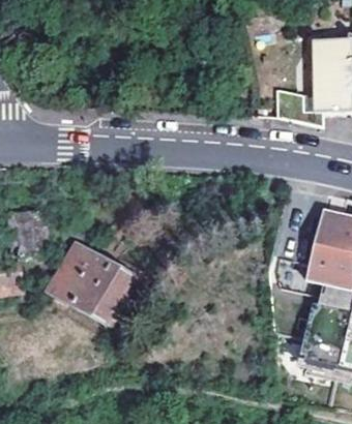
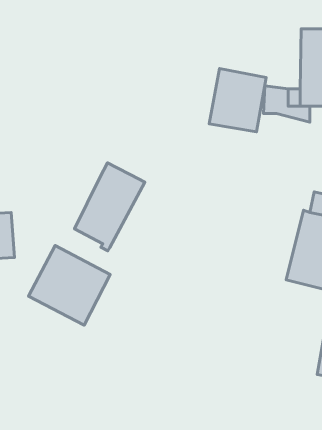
building: none -> [209,69,266,132]
building: none -> [74,163,145,251]

